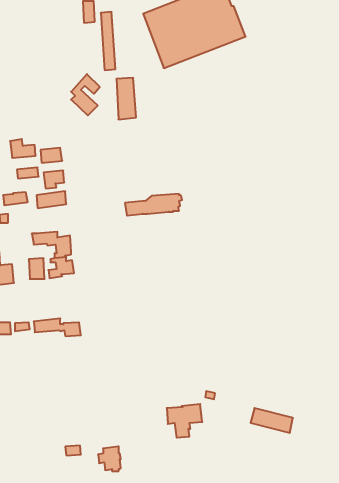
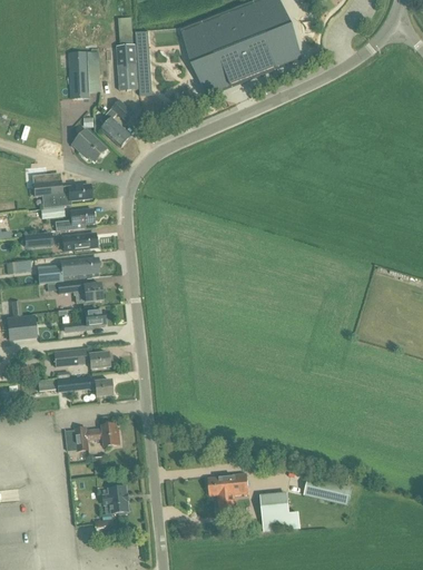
building: none -> [68,50,90,98]
building: [116,78,136,119] -> [116,43,138,90]
building: none -> [76,128,107,160]
building: [125,194,182,216] -> [37,257,101,282]
building: none -> [55,347,111,367]
building: none -> [67,423,120,450]
building: none -> [259,492,299,530]
building: [98,446,121,471] -> [102,485,128,513]

